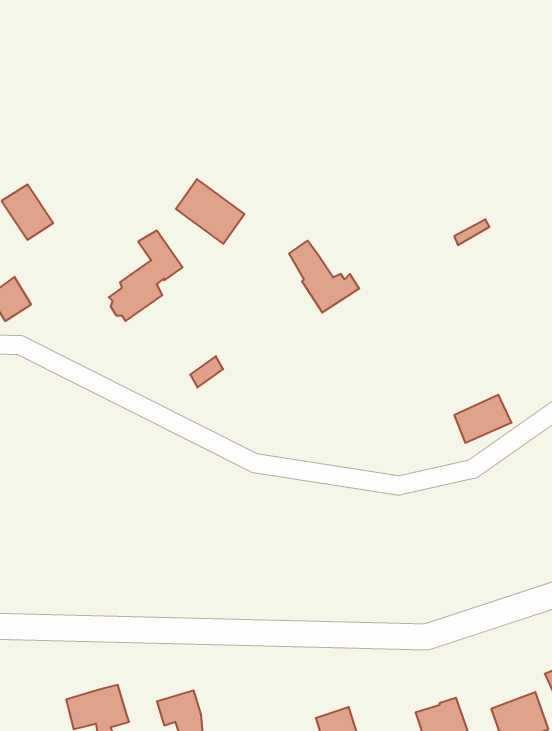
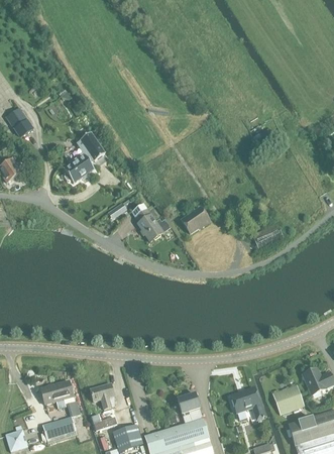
building: [176,179,244,244] -> none
building: [289,241,359,313] -> [131,201,170,240]
building: none -> [181,207,209,233]

